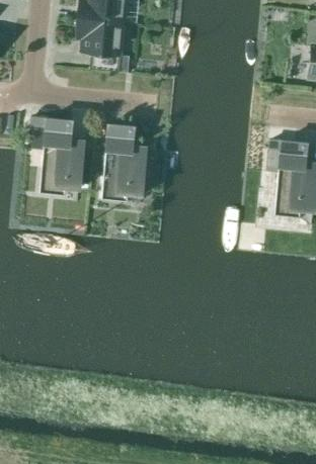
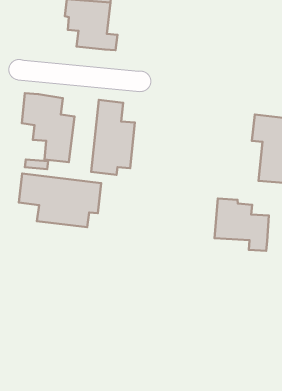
building: none -> [19,174,101,227]
building: none -> [214,199,269,251]

